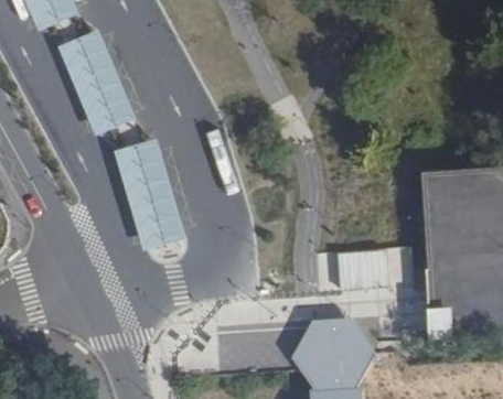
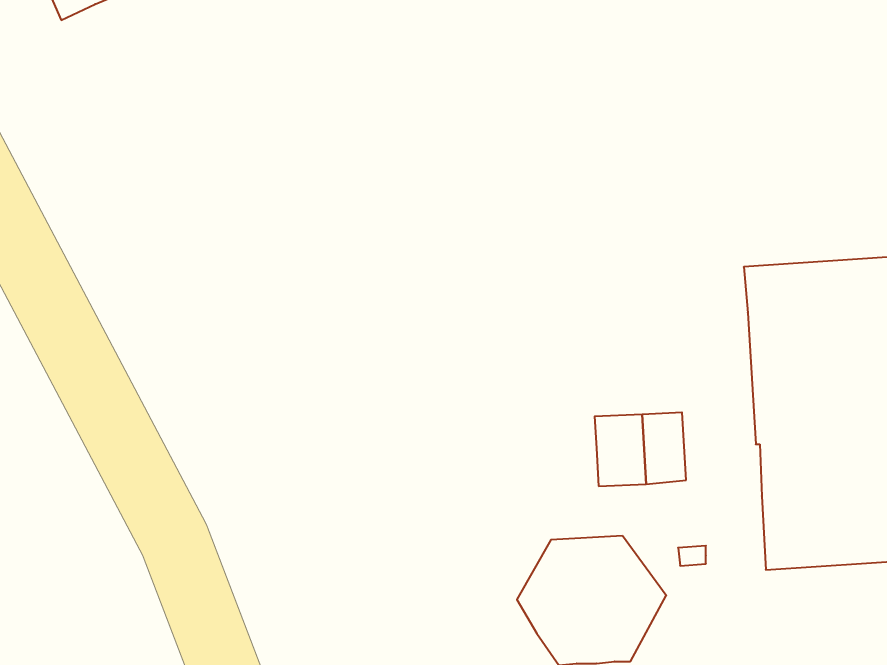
building: [60,31,138,137] -> none
building: [115,141,188,255] -> none

